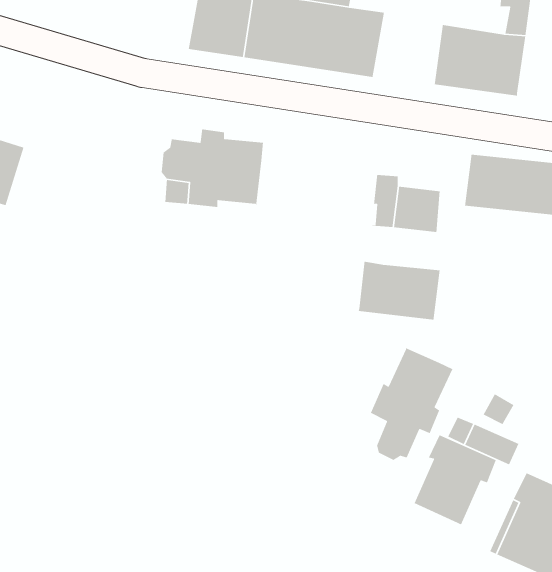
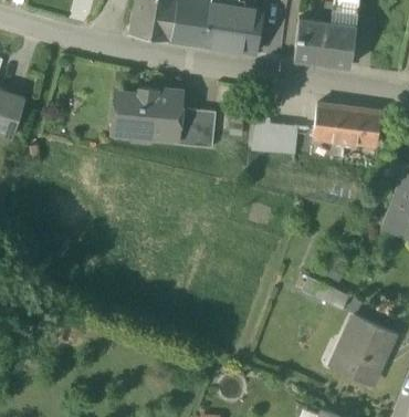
building: none -> [175,108,216,148]
building: [358,261,440,321] -> none
building: [370,347,453,461] -> none
building: [414,434,497,525] -> none

